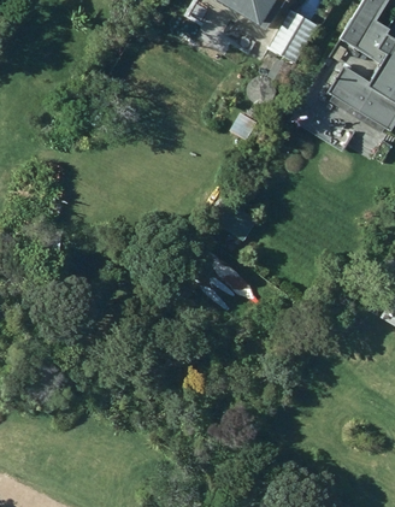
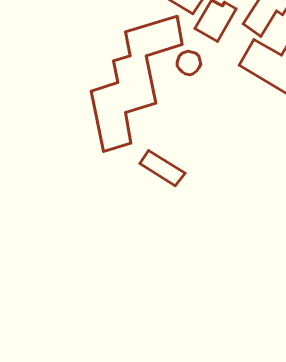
building: none -> [91,16,182,151]

